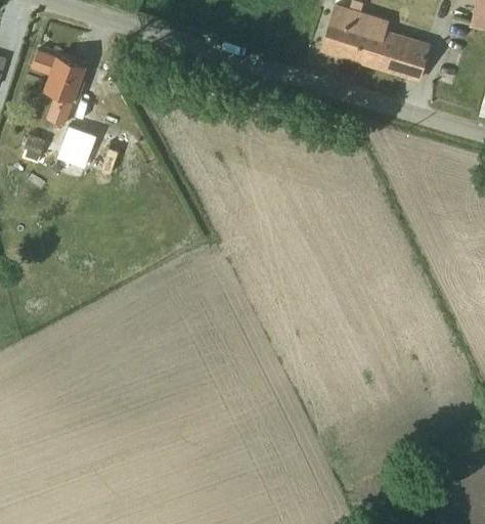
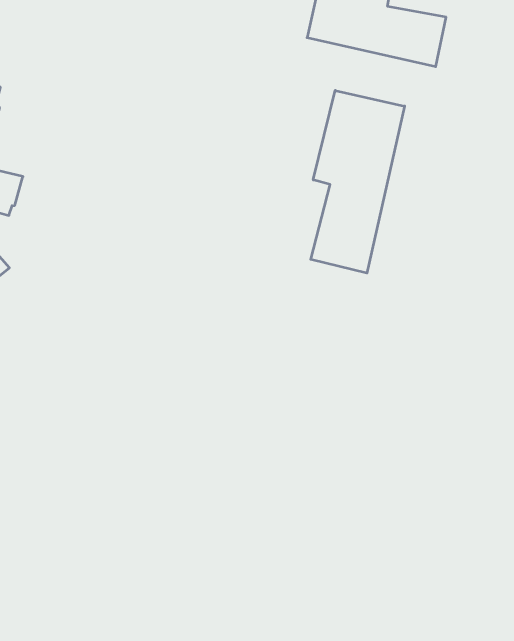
building: none -> [311,90,405,273]

